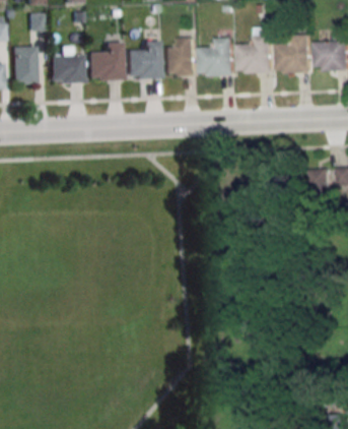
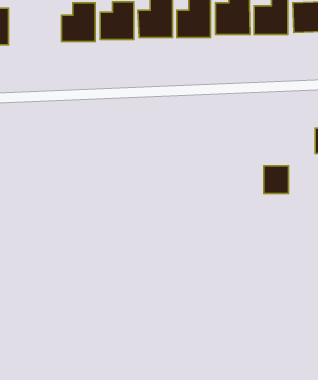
building: [52,46,85,82] -> none
building: [310,168,335,195] -> [264,166,288,193]

